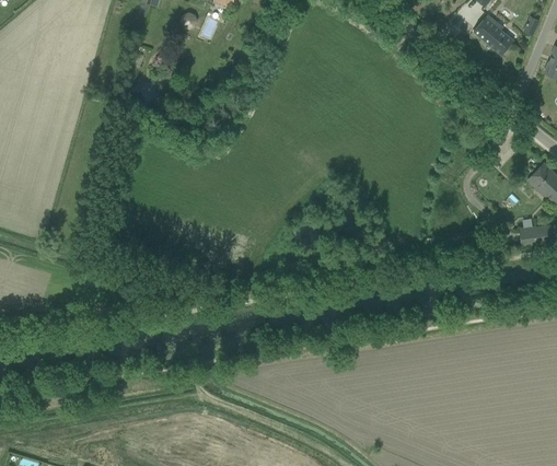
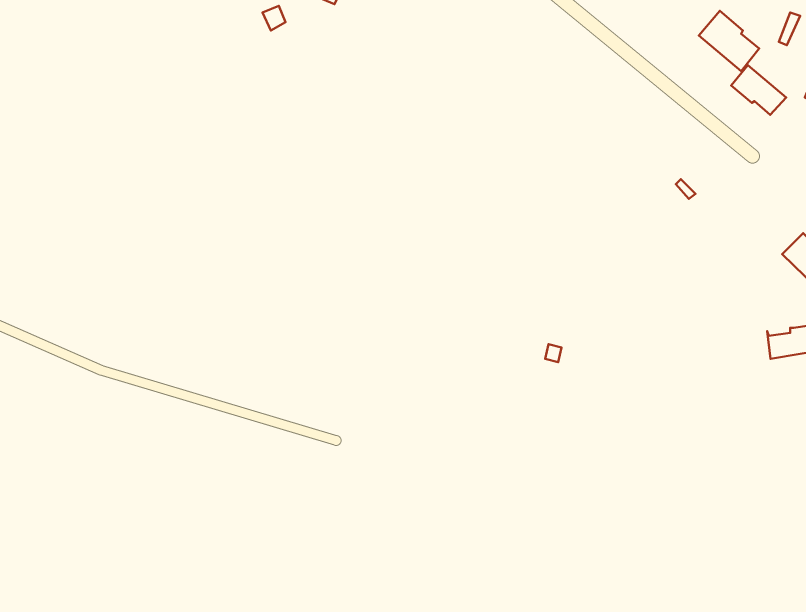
building: none -> [731,65,786,115]

